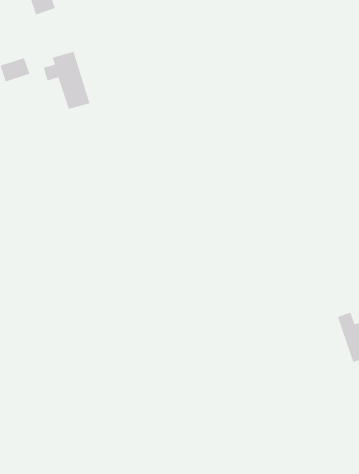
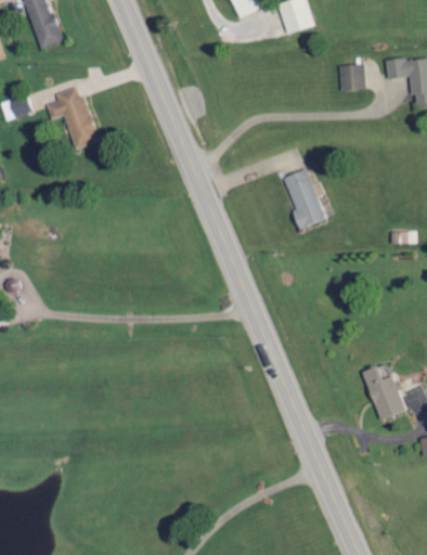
building: none -> [340,64,364,90]
building: none -> [280,168,325,229]

